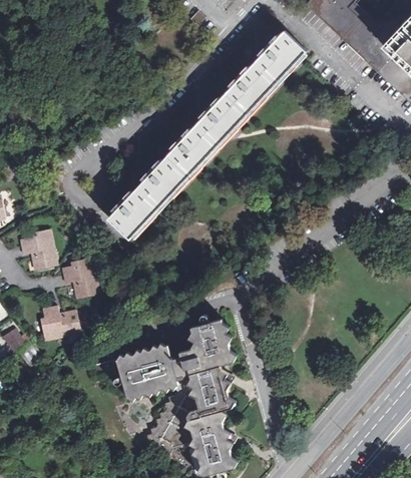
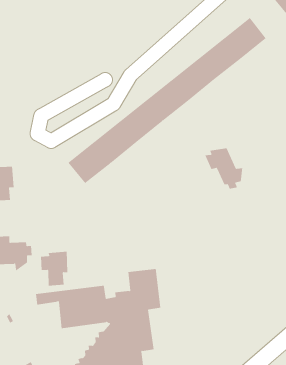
building: none -> [205,148,243,190]
building: [63,257,96,298] -> [40,251,68,286]

